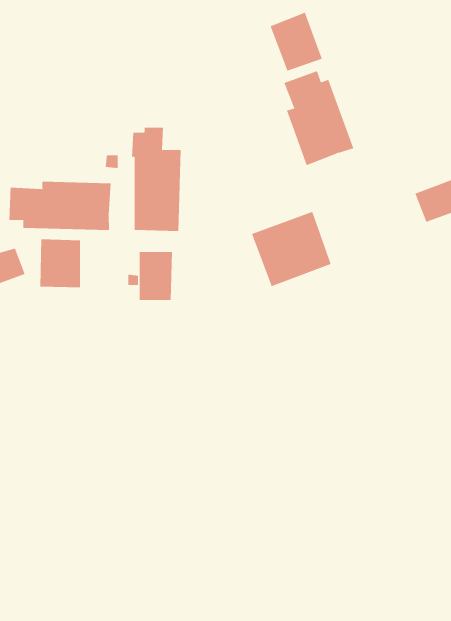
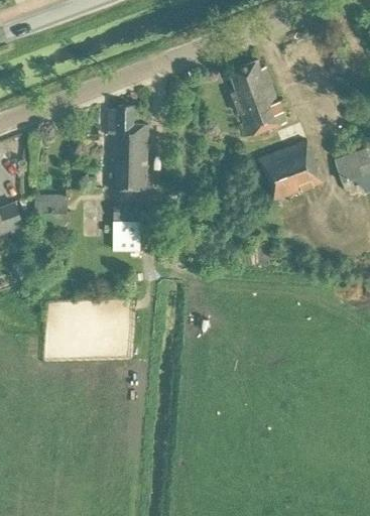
building: [270,12,322,72] -> none
building: [9,181,111,231] -> none
building: [251,211,332,287] -> [258,140,323,201]

